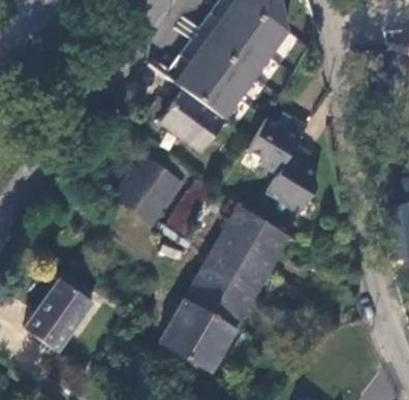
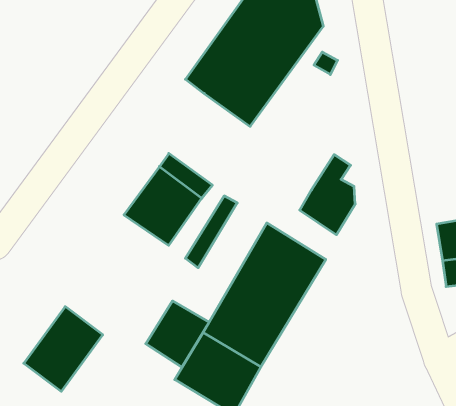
building: [160,91,225,153] -> none
building: [246,118,307,176] -> none
building: none -> [146,301,209,367]

